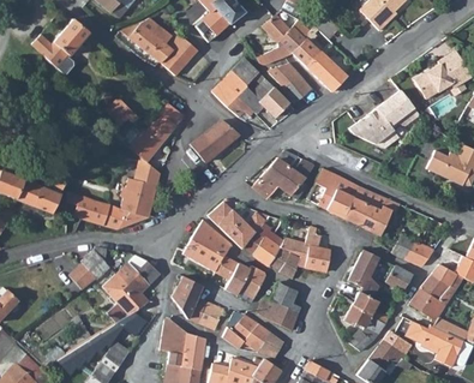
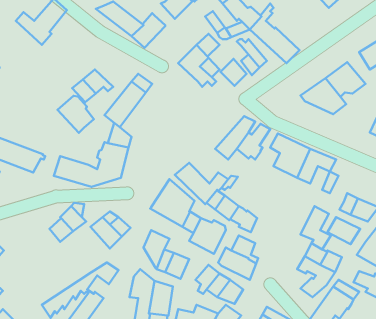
building: [191,120,240,161] -> none
building: none -> [58,96,94,133]
building: [298,227,330,271] -> none
building: [102,273,149,323] -> none

